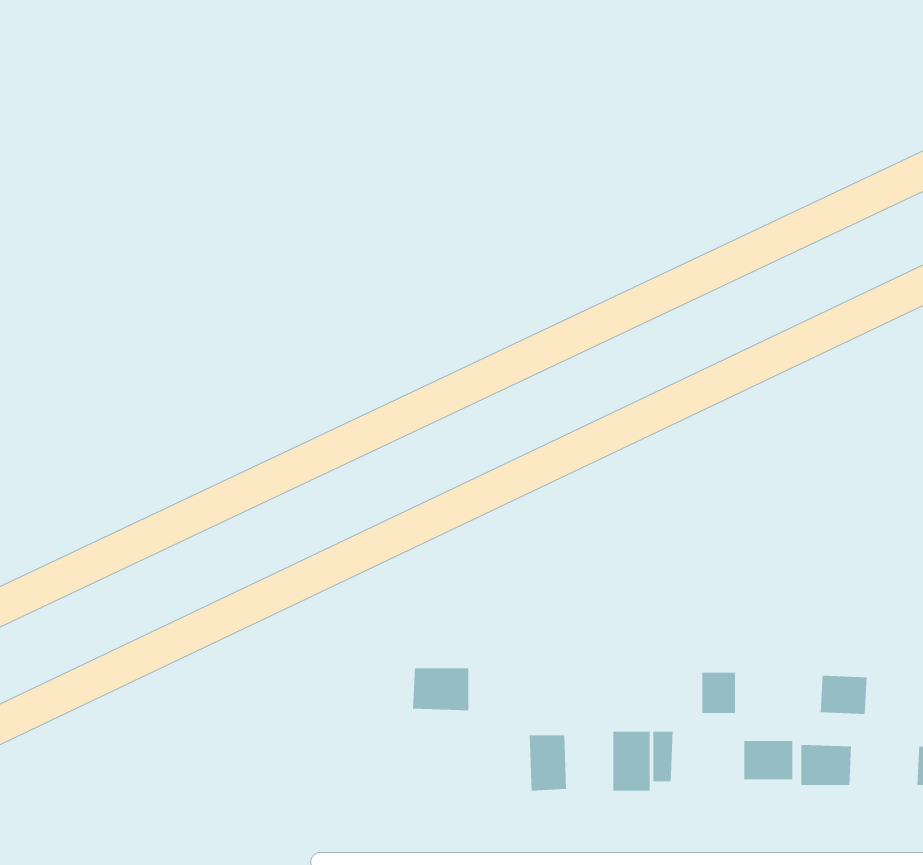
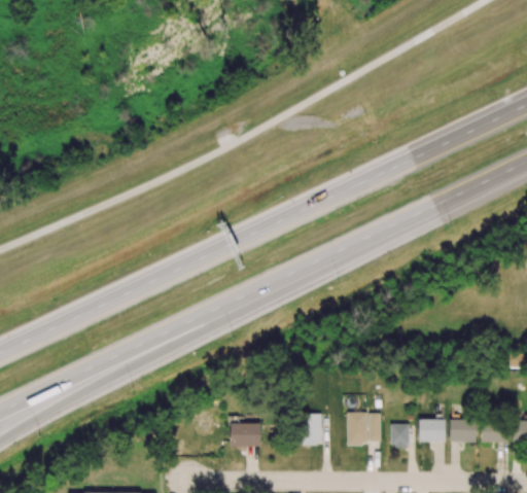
building: [412,667,469,711] -> [230,424,260,448]
building: [702,672,736,714] -> [390,425,409,448]
building: [820,675,867,715] -> [481,422,506,444]

